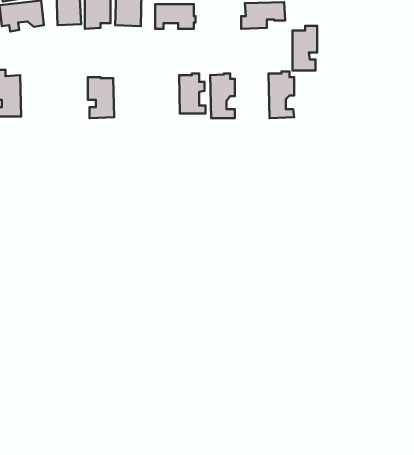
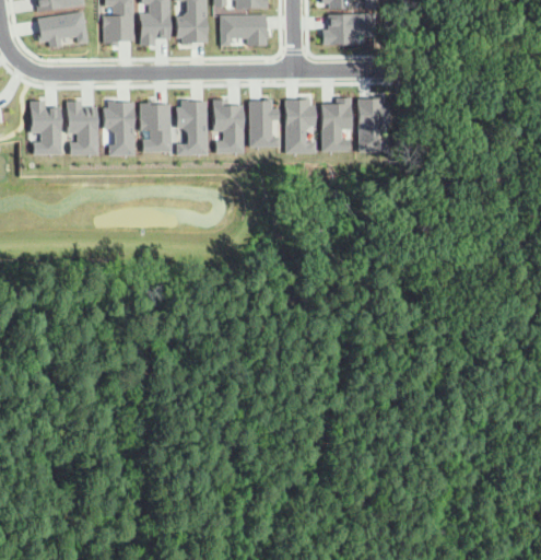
building: [293,26,317,71] -> [322,98,352,152]
building: none -> [67,95,98,151]
building: none -> [173,97,203,155]
building: none -> [213,100,246,153]
building: none -> [104,101,133,151]

